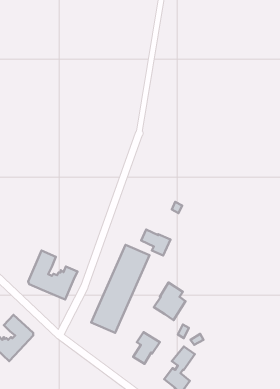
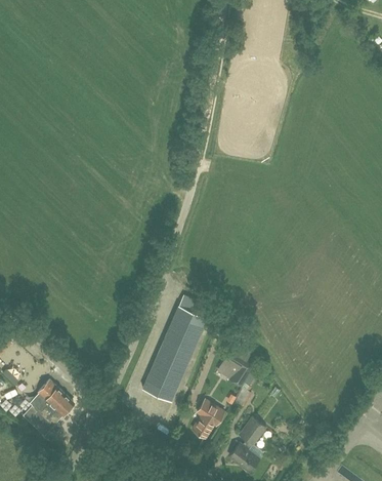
building: [141,230,171,255] -> none
building: [28,251,78,300] -> none

